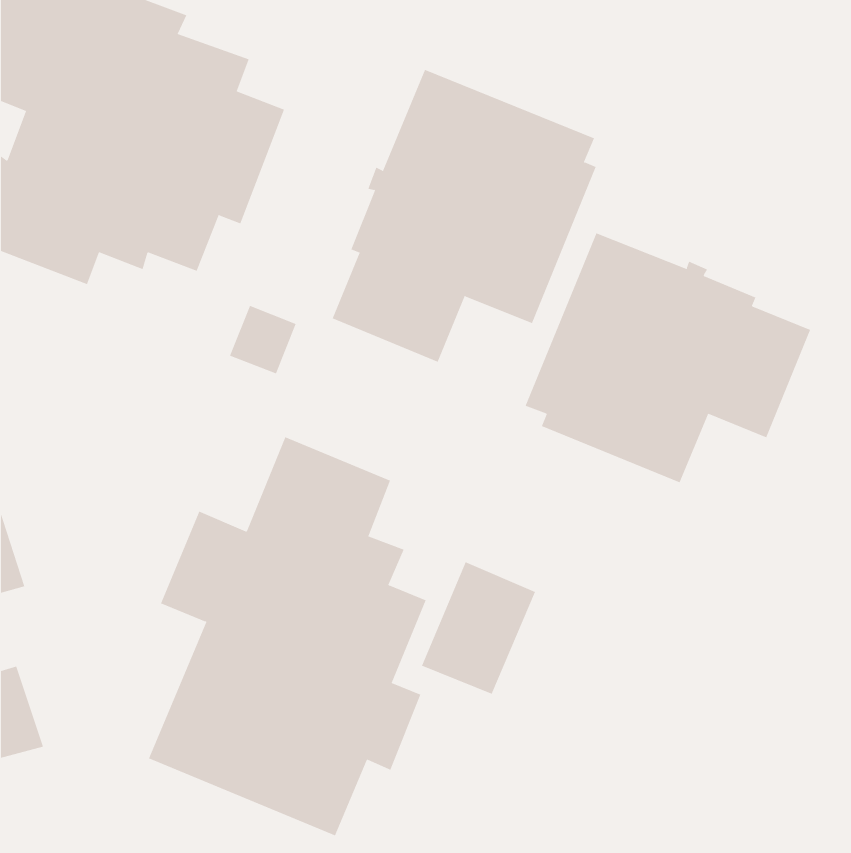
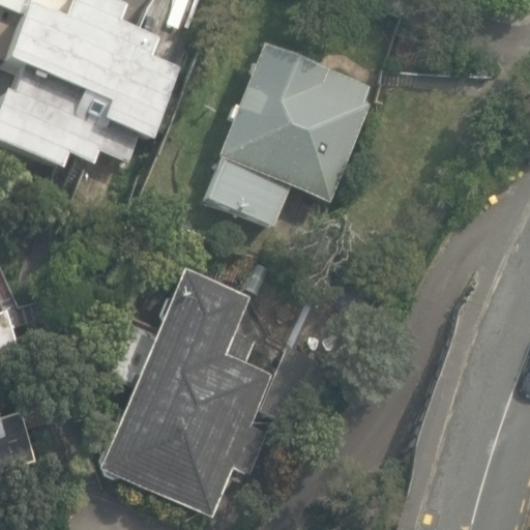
building: [525,232,811,483] -> none

